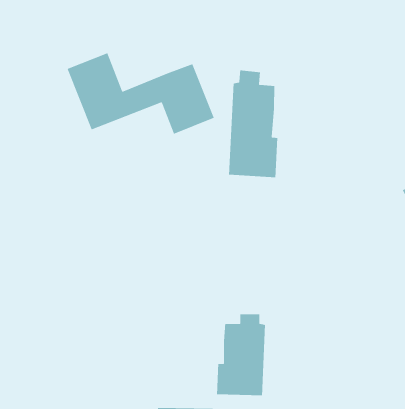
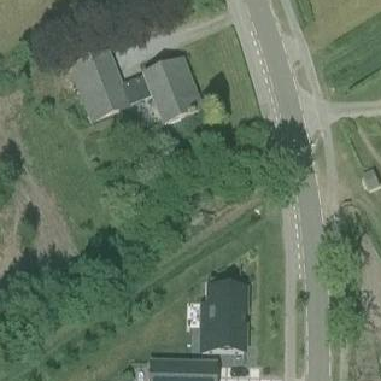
building: [228,70,278,178] -> none

